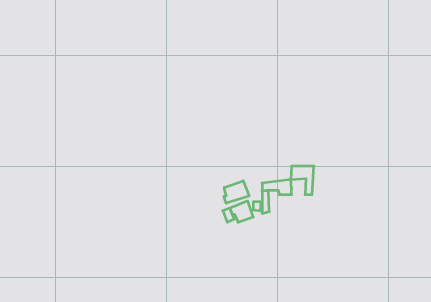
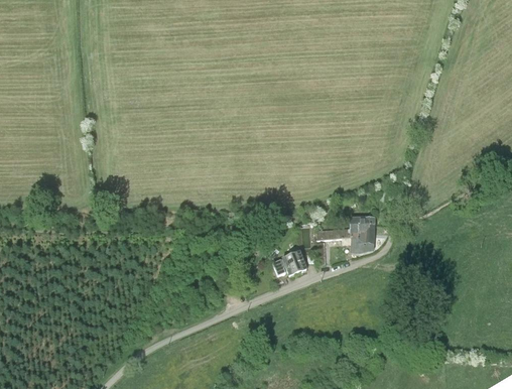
building: none -> [350,225,374,253]
building: [224,181,249,203] -> none

